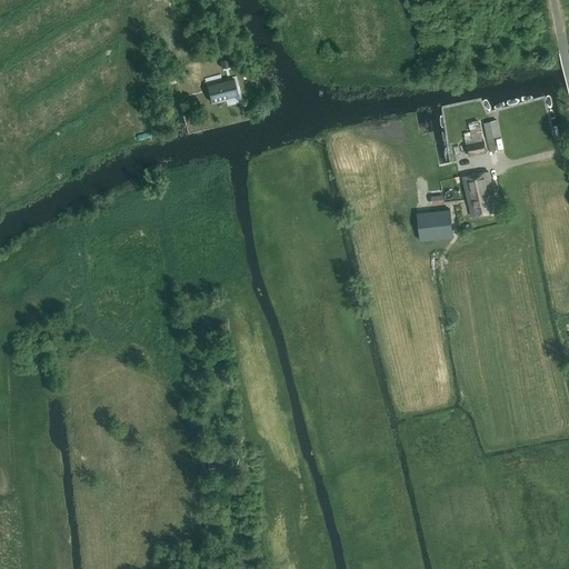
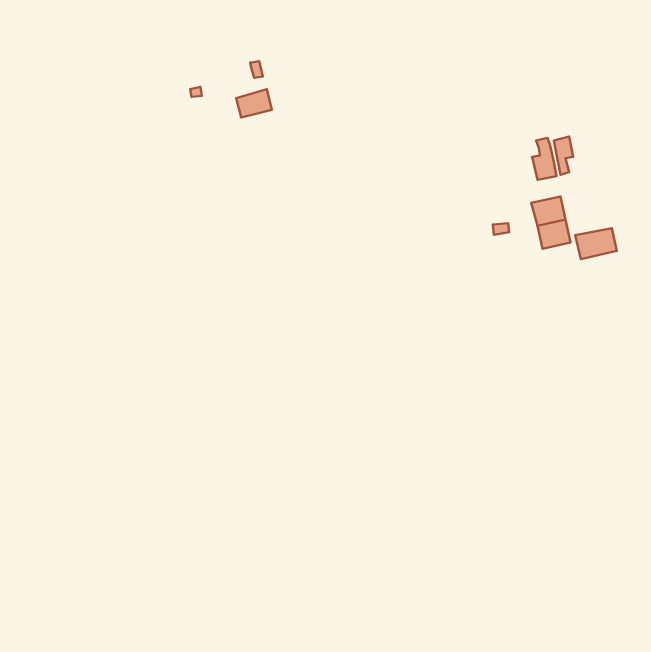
building: none -> [575,228,617,259]
building: [416,209,452,240] -> none

